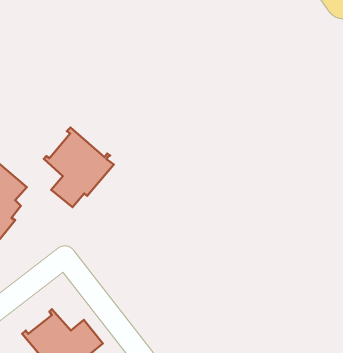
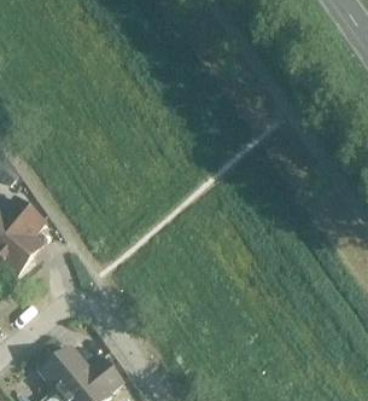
building: [44,128,114,207] -> none

